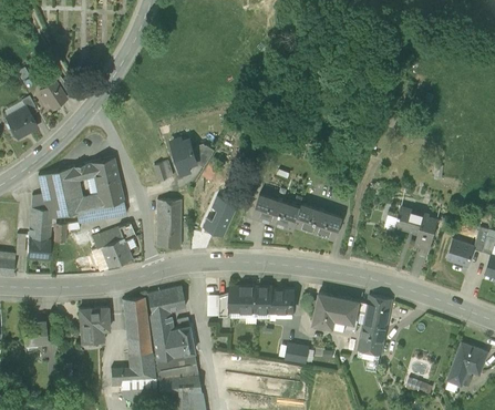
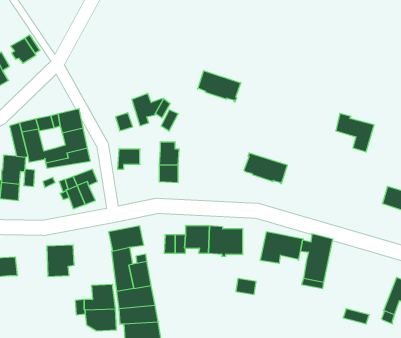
building: [252,195,300,229] -> [197,71,241,102]
building: [395,208,437,250] -> [336,114,374,152]
building: [156,217,181,246] -> none
building: [122,296,151,350] -> none

